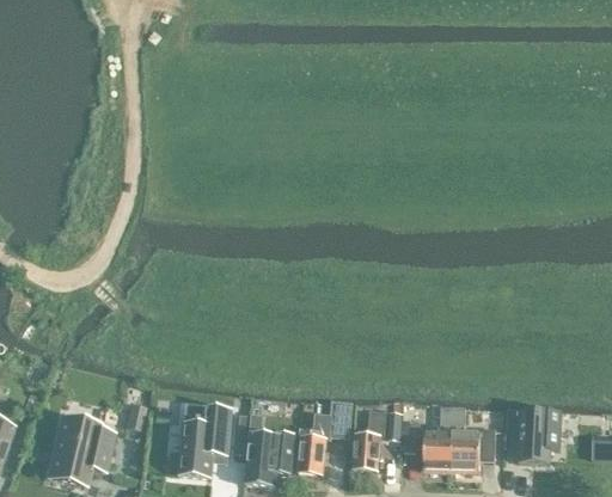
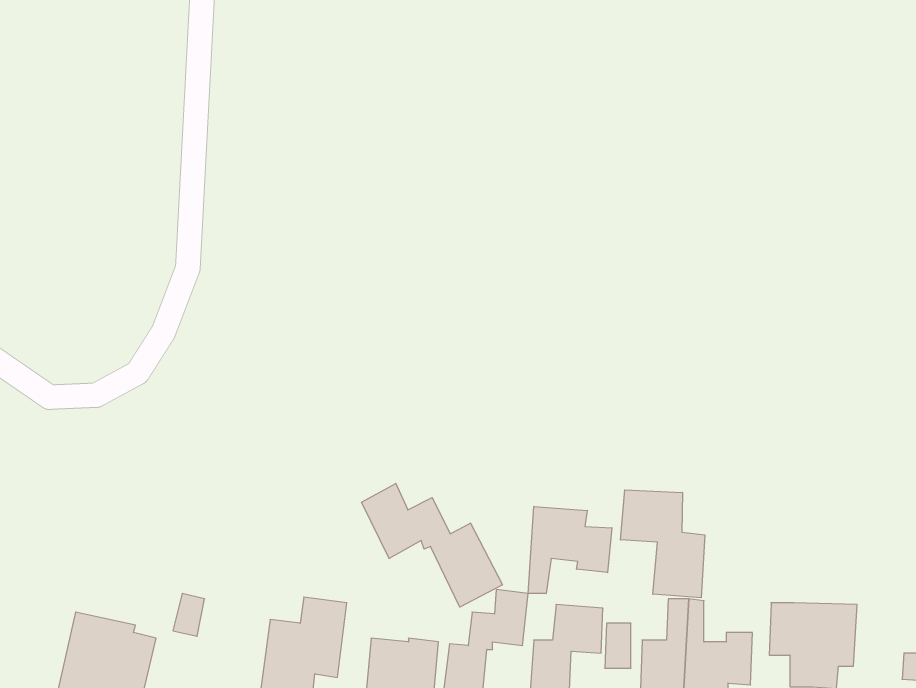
building: none -> [361,483,502,607]
building: none -> [621,490,705,598]
building: none -> [528,506,612,594]

